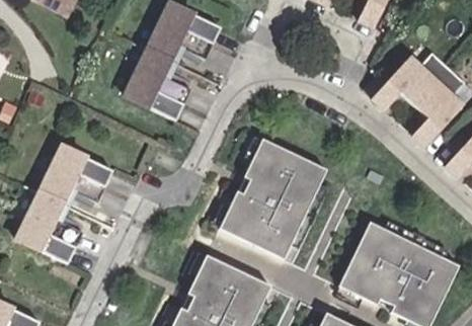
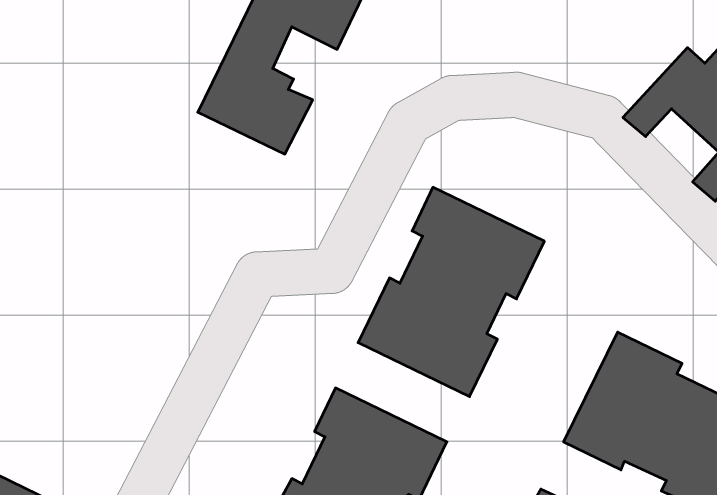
building: [16,145,112,262] -> none

